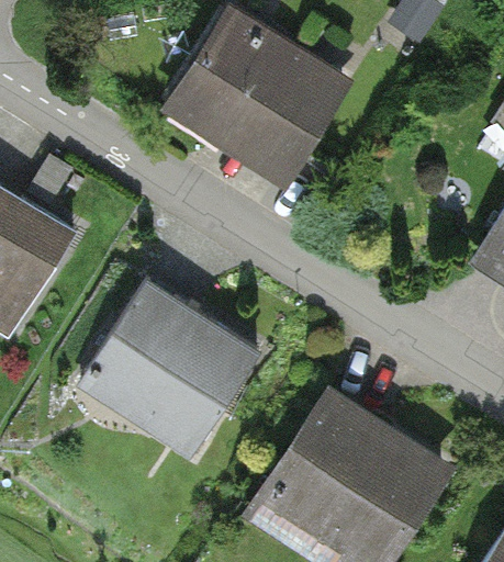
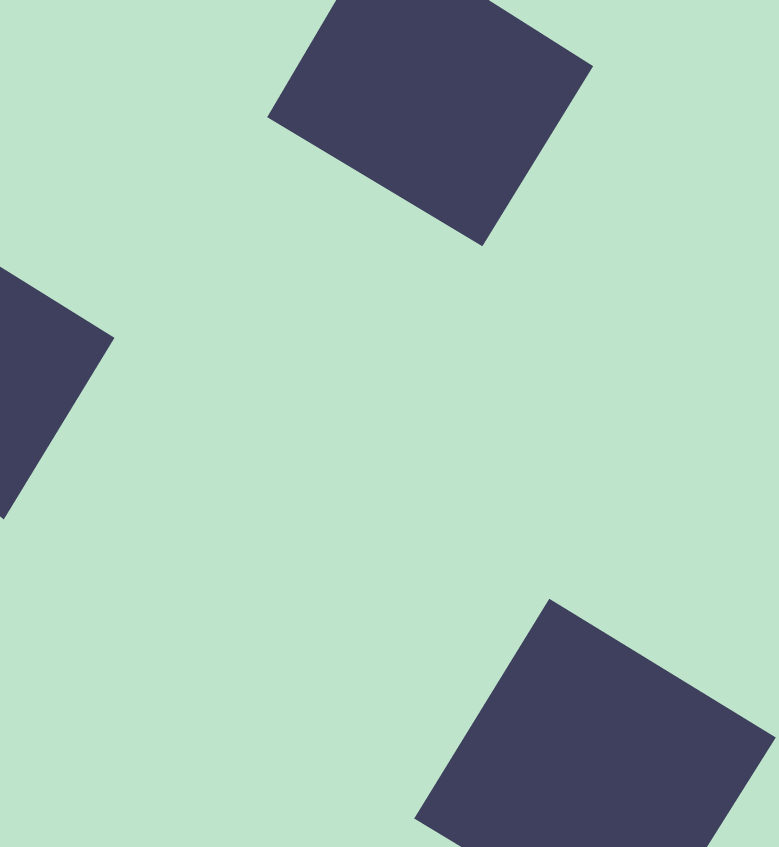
building: [75,283,257,460] -> none

